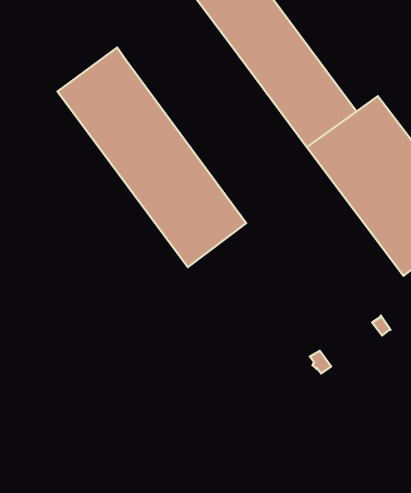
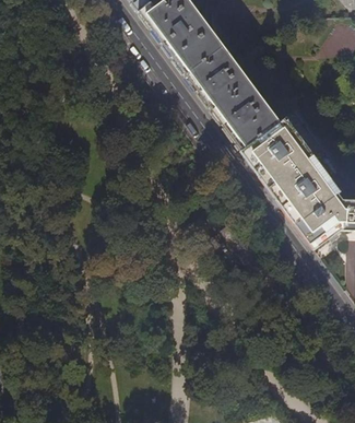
building: [58,48,246,267] -> none

